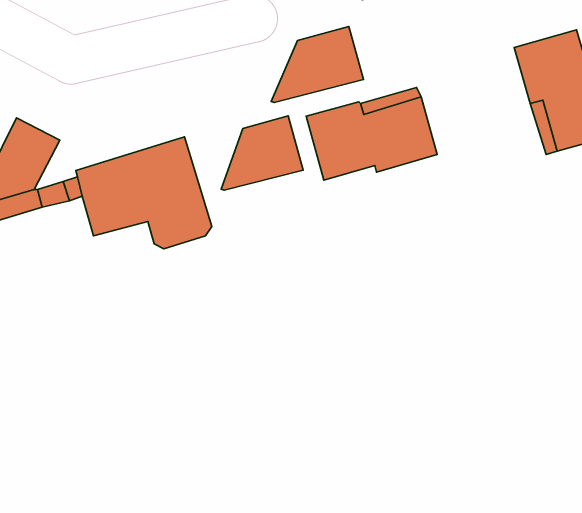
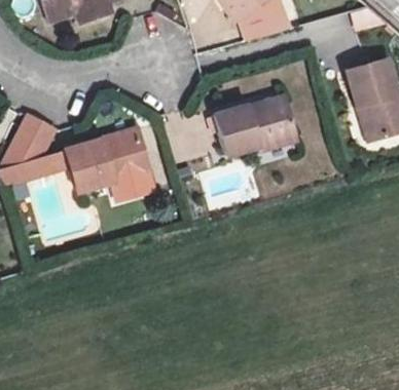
building: [271,26,363,102] -> none
building: [221,116,303,190] -> none

